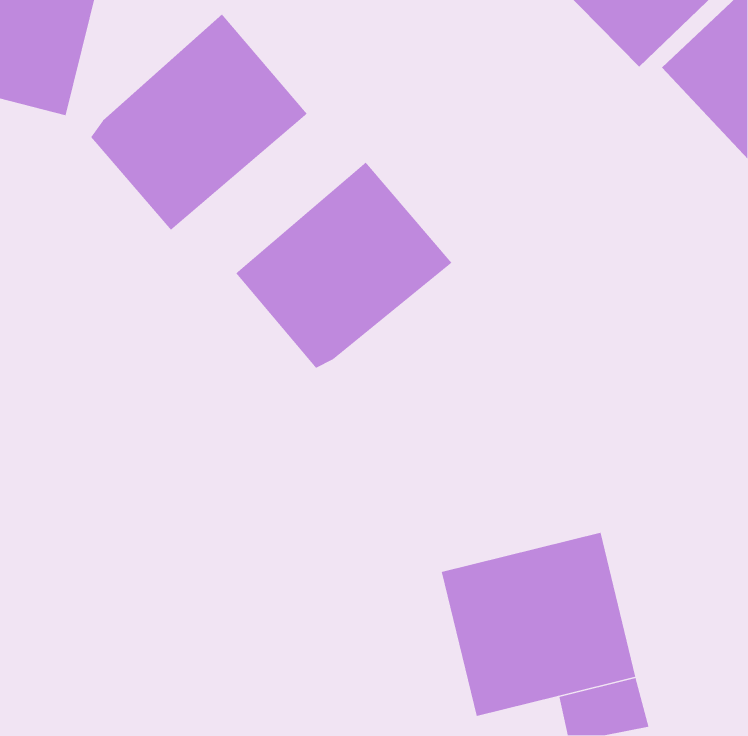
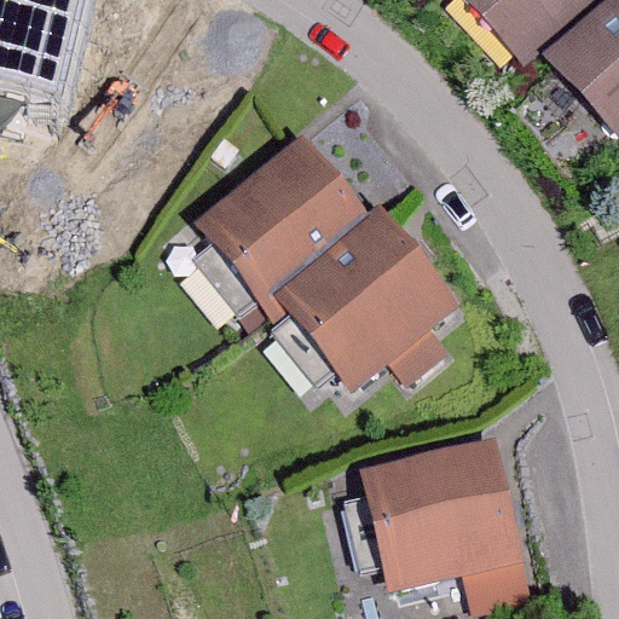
building: [90,13,308,231] -> none
building: none -> [274,210,456,389]

